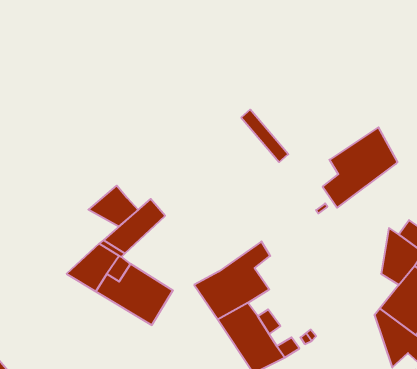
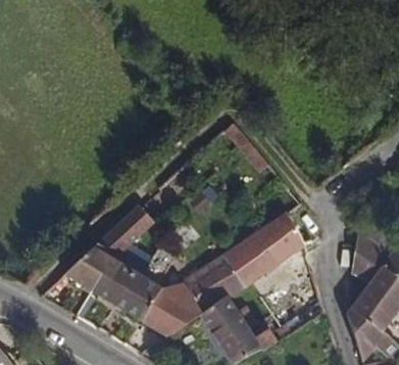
building: [323,127,398,208] -> [237,214,305,287]
building: [88,186,138,226] -> none
building: none -> [143,283,203,335]

